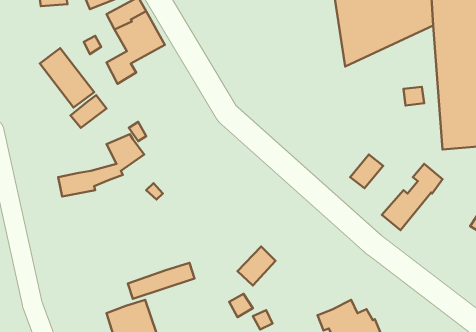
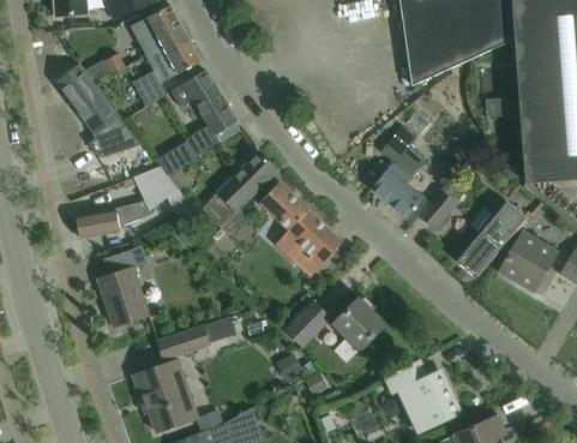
building: none -> [170,70,236,156]
building: none -> [371,124,428,218]
building: none -> [200,151,277,226]
building: none -> [260,182,341,273]
building: none -> [498,229,557,292]
building: none -> [96,246,149,328]
building: none -> [335,299,384,360]

